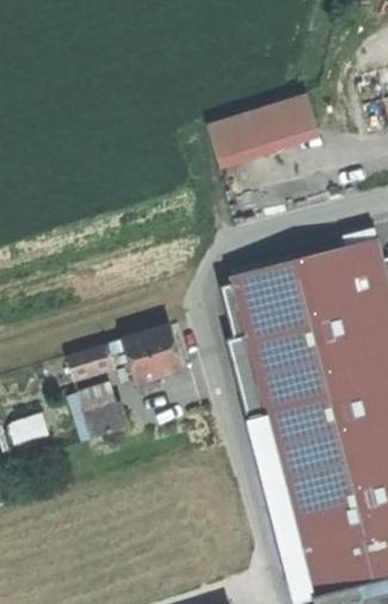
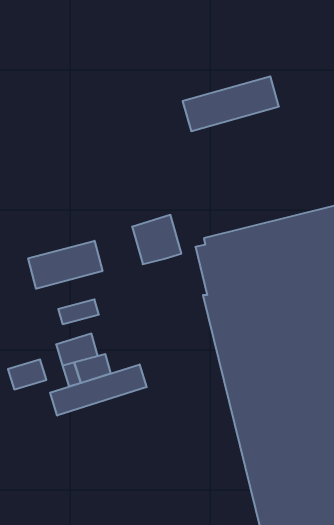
building: none -> [28,241,102,289]
building: [125,327,180,382] -> [132,215,181,264]
building: none -> [50,364,147,416]

